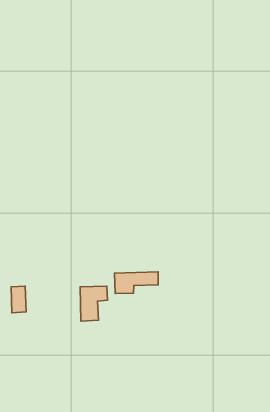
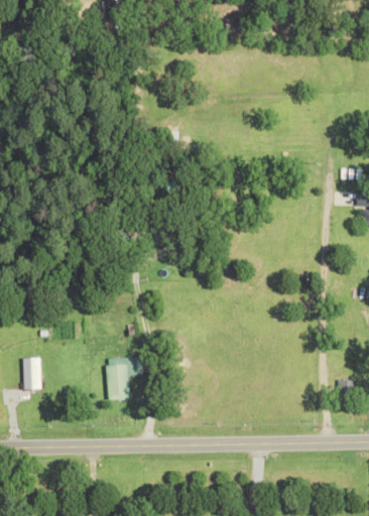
building: [115,272,158,293] -> none

